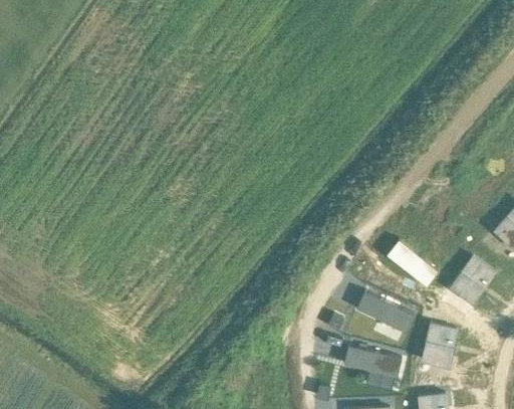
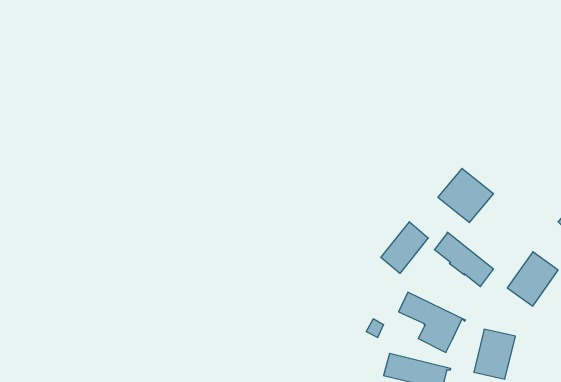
building: none -> [438,168,493,223]
building: none -> [381,222,428,273]

